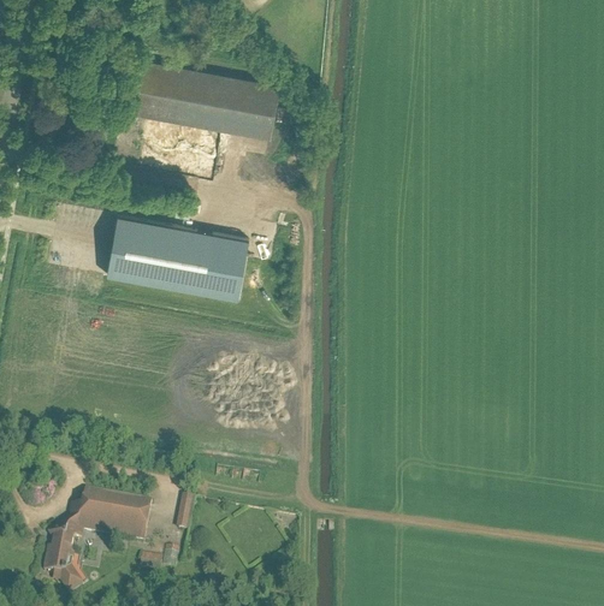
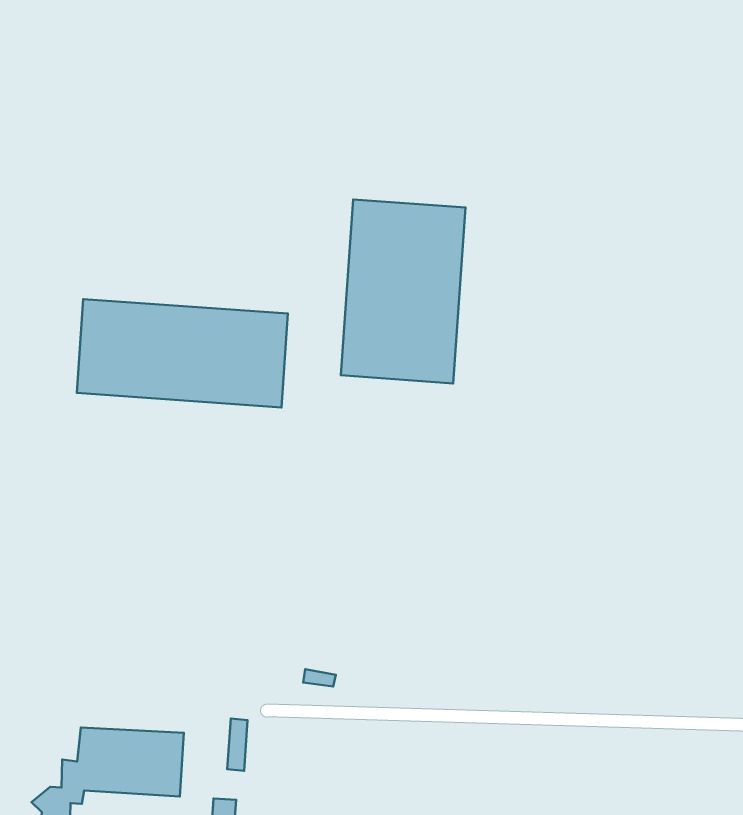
building: [136,64,277,138] -> none
building: none -> [341,199,465,383]

